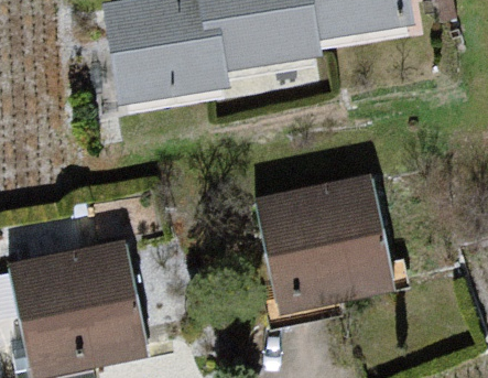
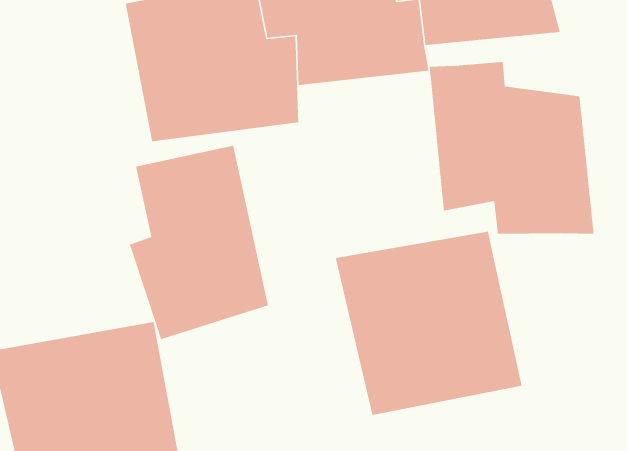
building: none -> [429,61,594,235]
building: none -> [129,145,269,340]

